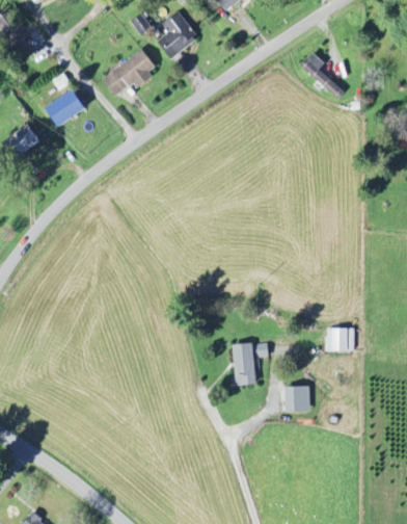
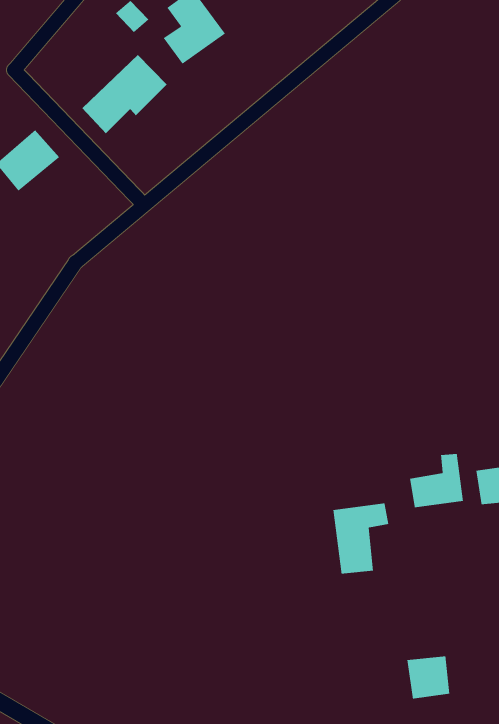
building: [299,52,345,98] -> none
building: none -> [410,453,463,508]
building: [284,387,309,412] -> [407,656,450,699]

